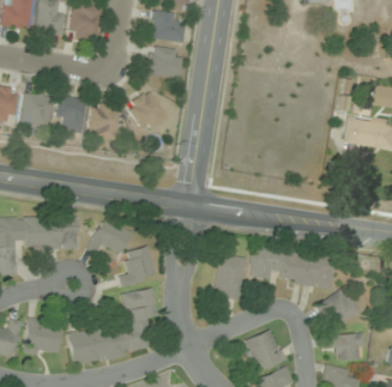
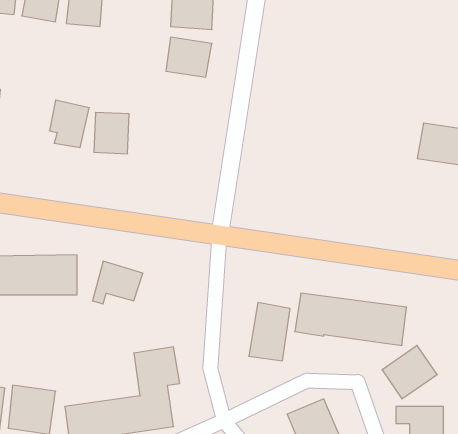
building: [126,91,167,133] -> none
building: [23,95,49,126] -> none
building: [117,246,157,289] -> none

